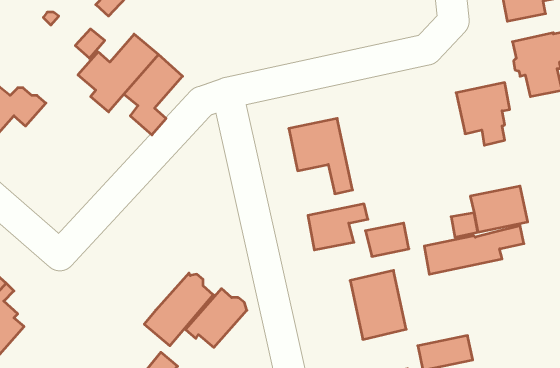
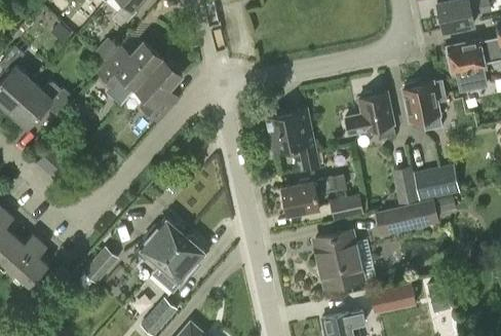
building: none -> [345,91,395,137]
building: [186,289,247,347] -> [138,216,187,263]
building: none -> [84,247,119,283]

